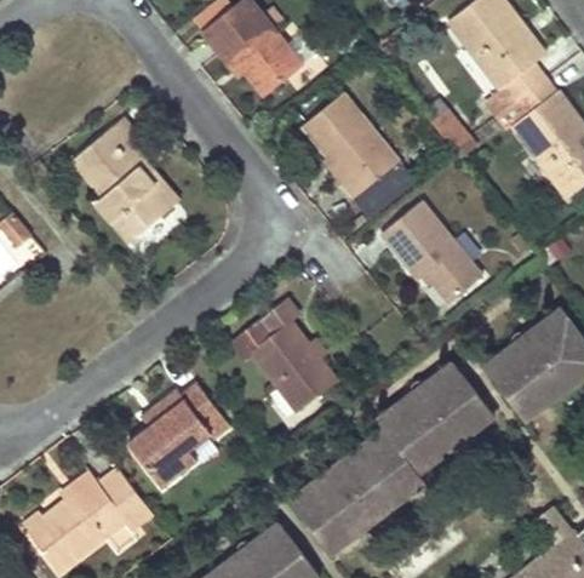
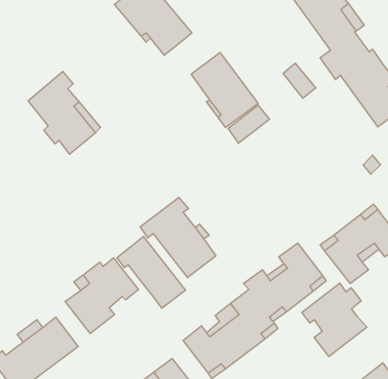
building: [380,201,479,301] -> none
building: none -> [117,236,186,308]
building: none -> [302,283,367,356]

